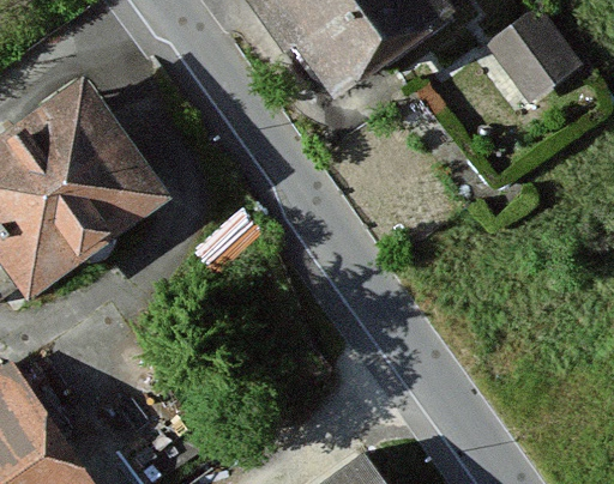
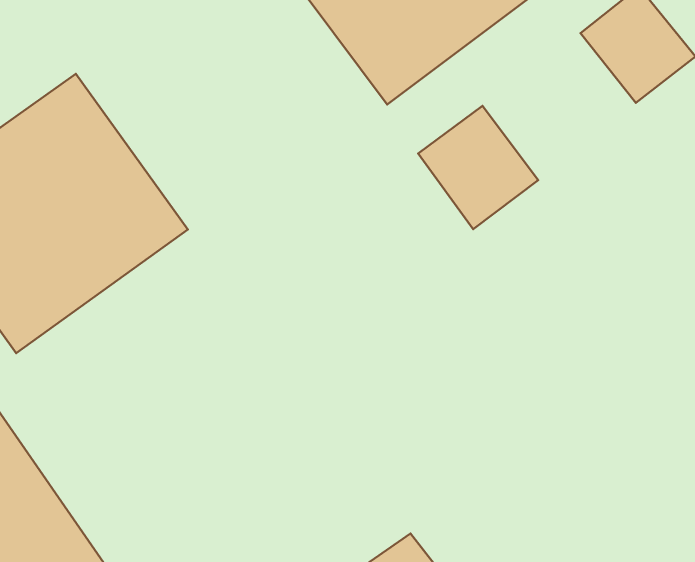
building: none -> [418,106,538,229]

